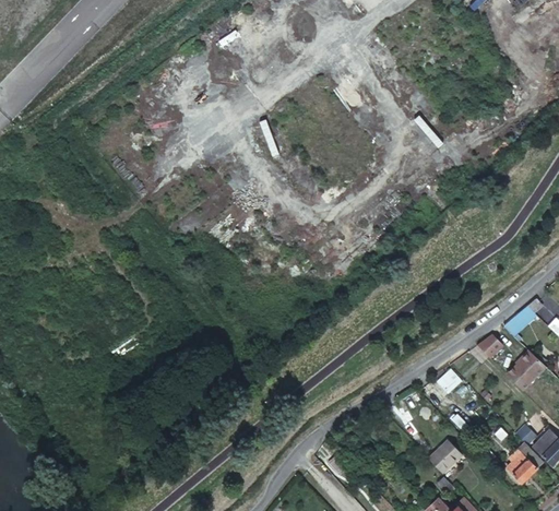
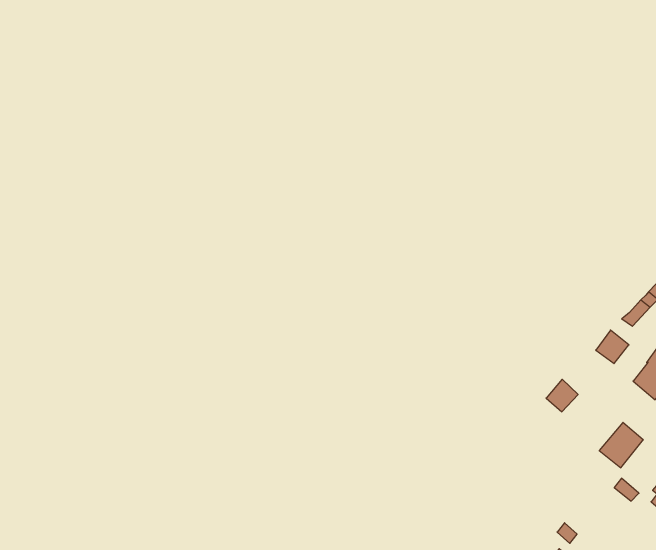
building: [427,439,462,474] -> [599,422,643,468]

